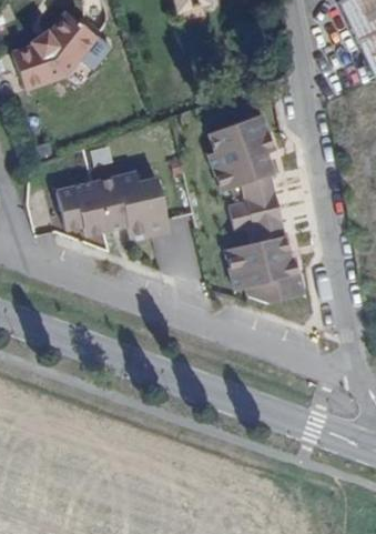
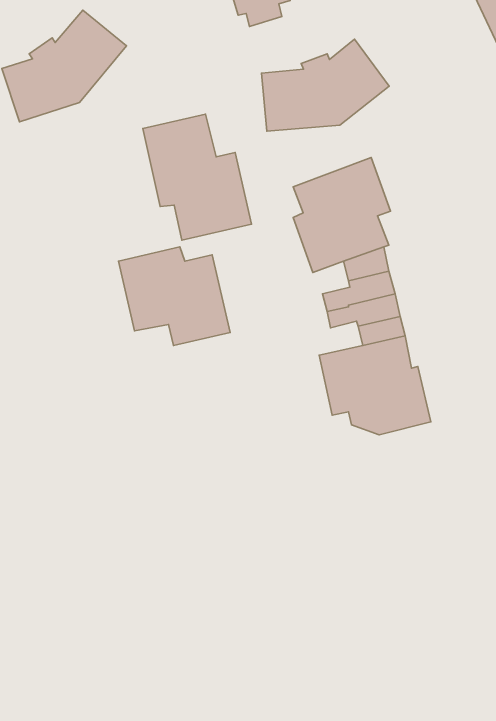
building: none -> [261,39,389,131]
building: none -> [143,114,252,240]
building: [54,182,102,235] -> none

